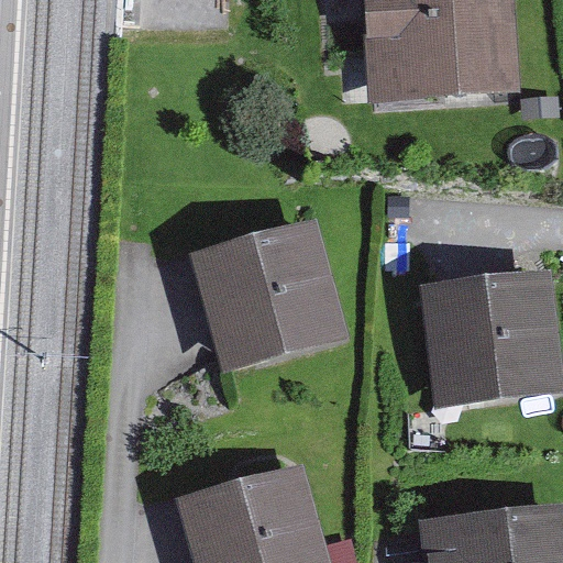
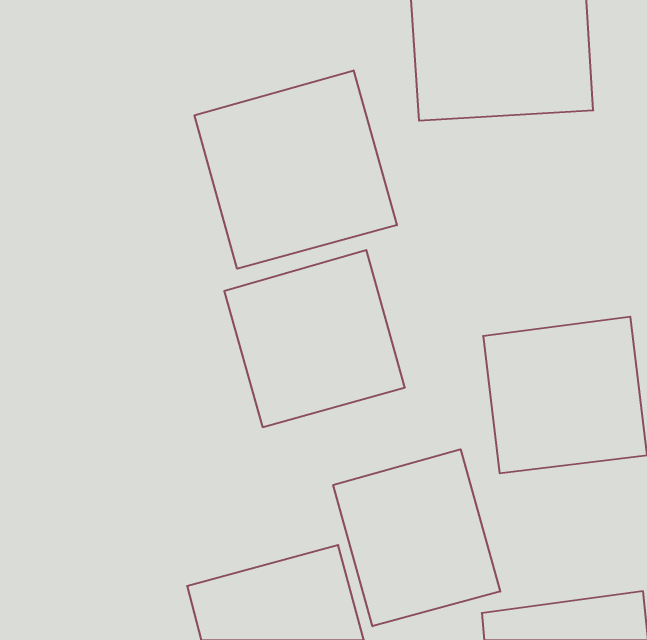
building: none -> [195,70,397,269]
building: none -> [333,449,500,626]

